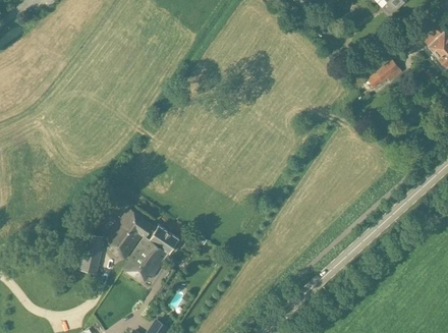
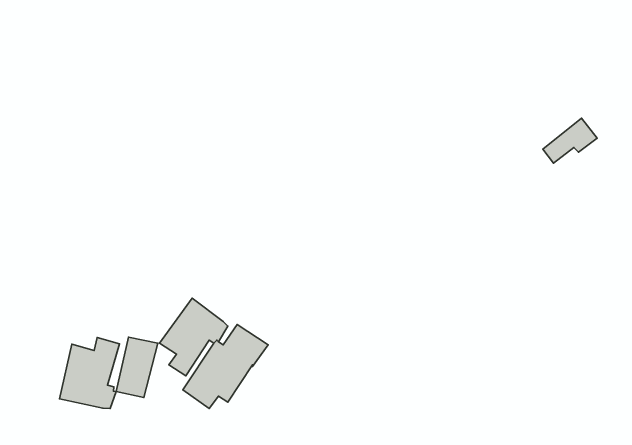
building: [367,58,402,88] -> [543,118,597,163]
building: none -> [59,337,119,409]

